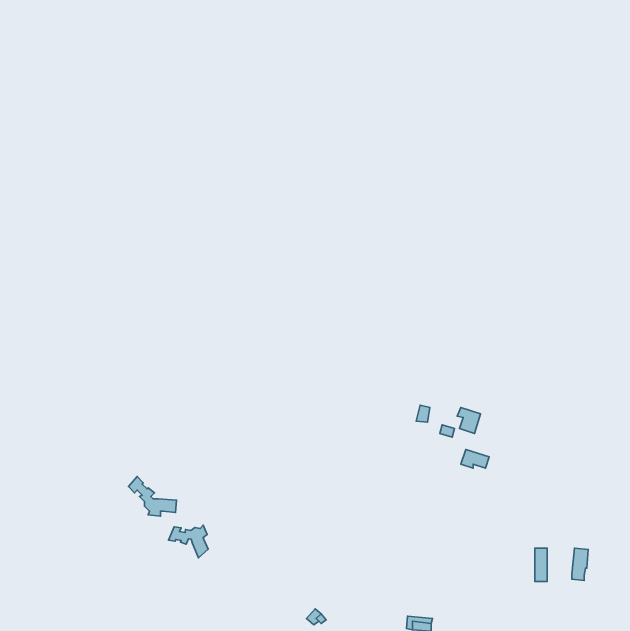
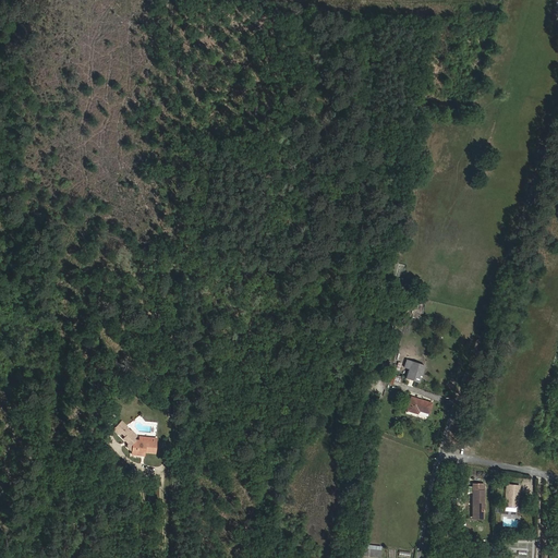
building: [168,525,208,558] -> none

